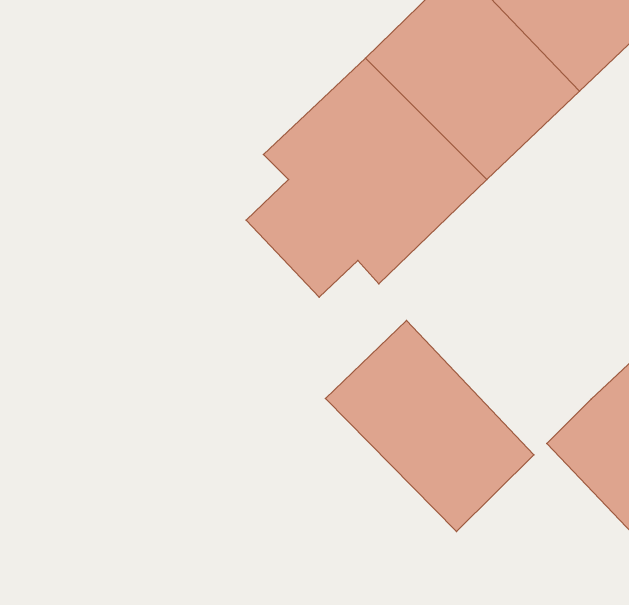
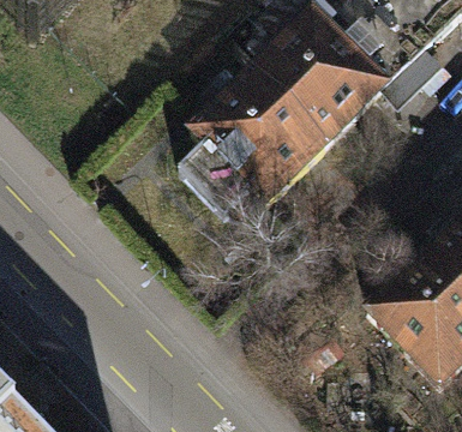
building: [326,321,534,532] -> none

